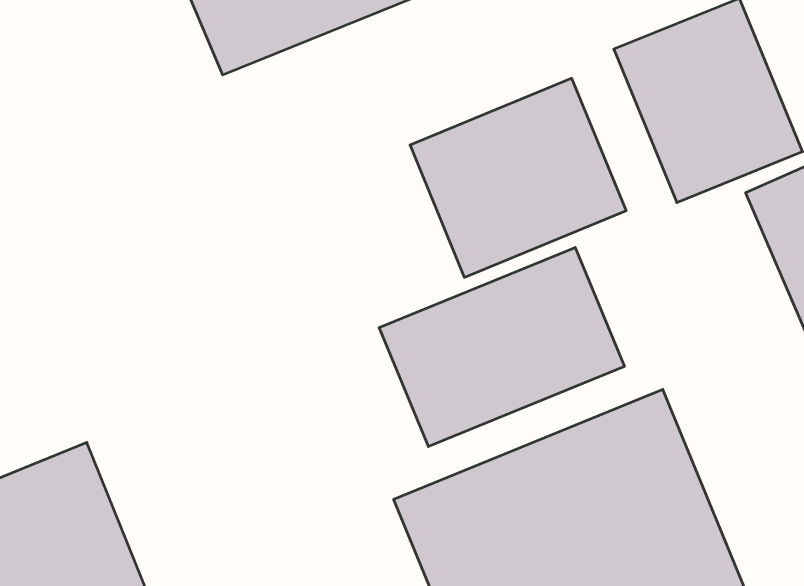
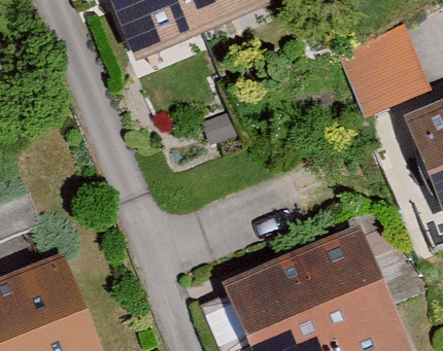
building: [410,78,626,277] -> none
building: [379,247,624,447] -> none

